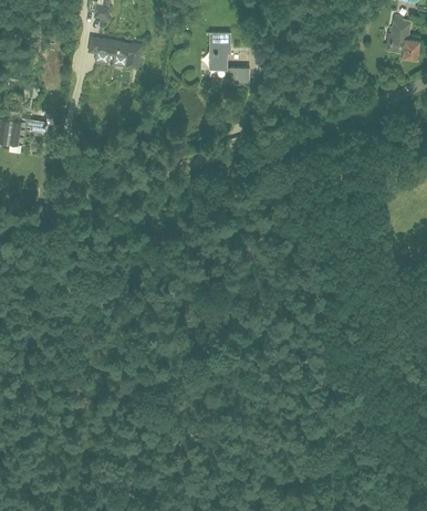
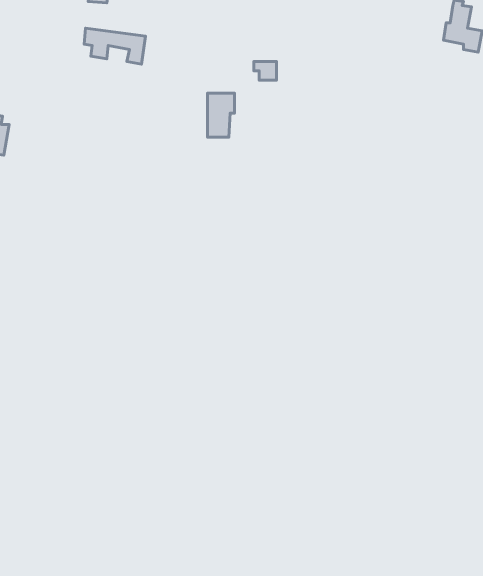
building: [209,32,231,69] -> [208,93,234,137]

